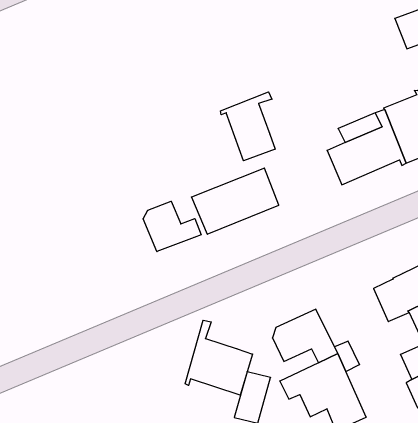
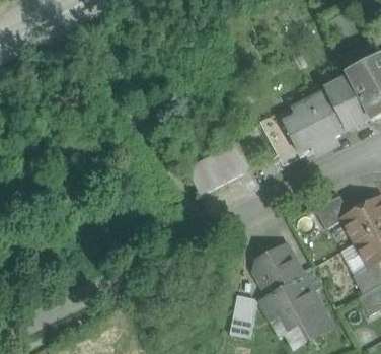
building: [220,92,275,161] -> none
building: [143,201,201,252] -> none
building: none -> [315,196,351,229]
building: [185,320,253,395] -> none

